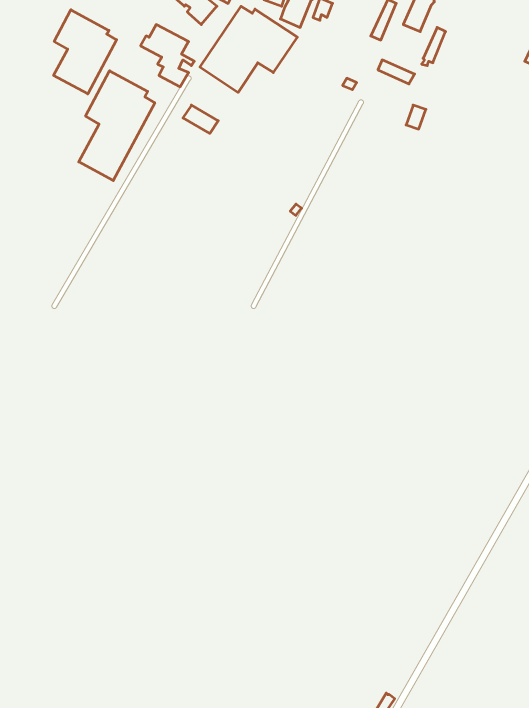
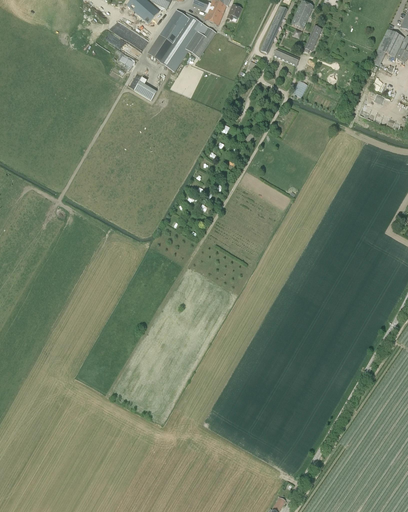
building: [54,10,117,94] -> none
building: [79,71,155,181] -> none

